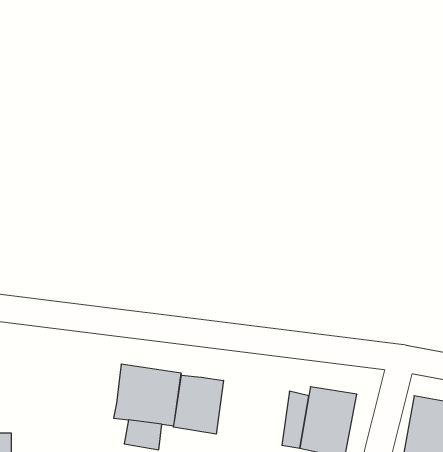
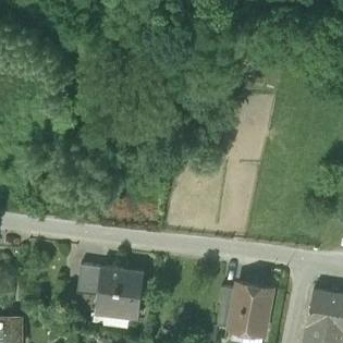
building: none -> [77,265,101,295]
building: [173,375,223,434] -> none

